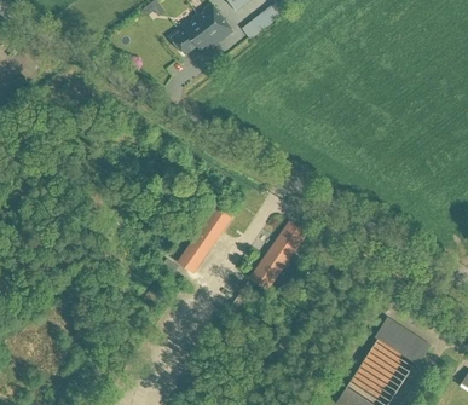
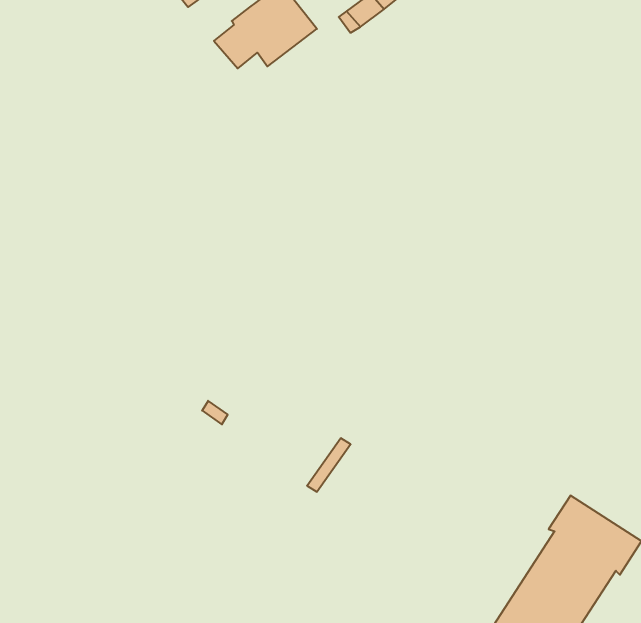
building: [178,206,232,272] -> none
building: [250,220,307,289] -> none

